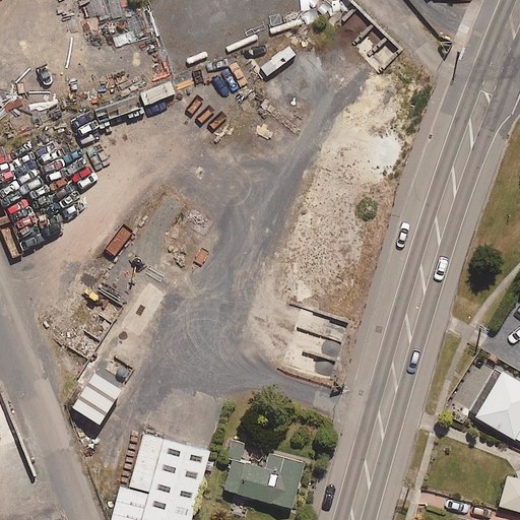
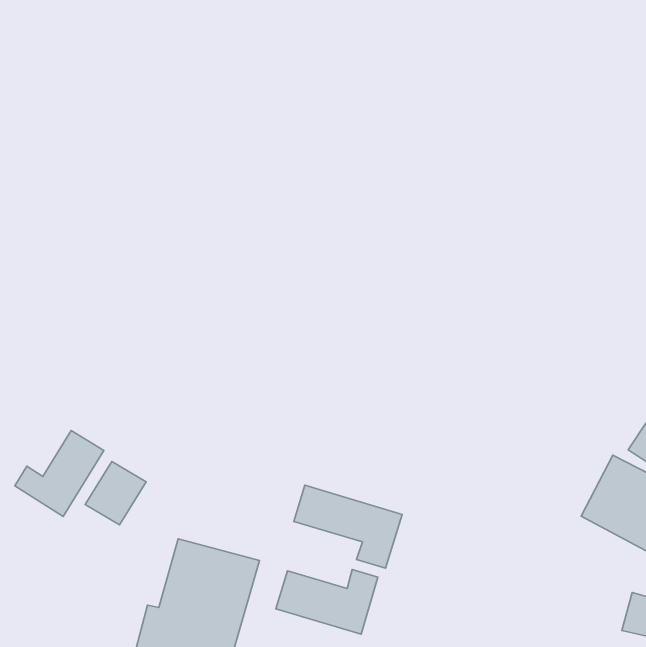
building: none -> [15,430,104,516]
building: none -> [294,485,402,568]

